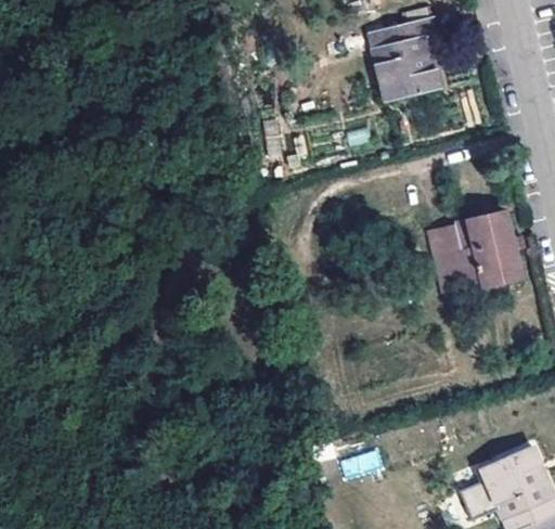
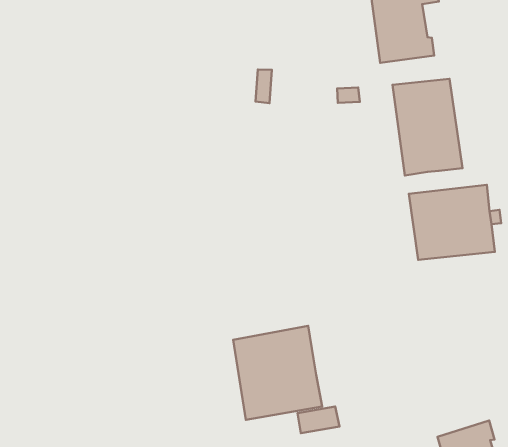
building: none -> [393,79,462,176]
building: none -> [233,326,322,420]

